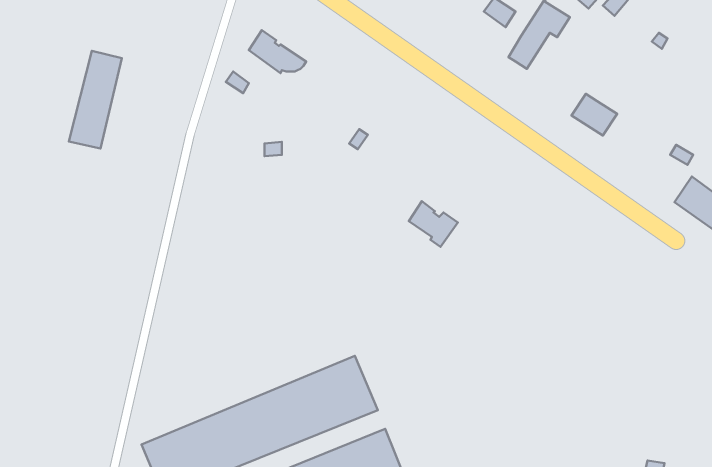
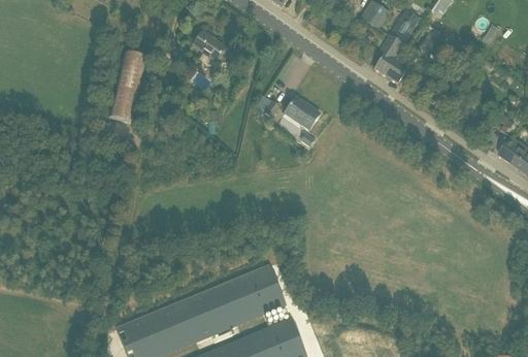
building: [69,51,122,149] -> [108,52,146,122]
building: [571,94,617,135] -> [374,53,407,83]
building: [409,201,458,247] -> [285,97,320,130]

